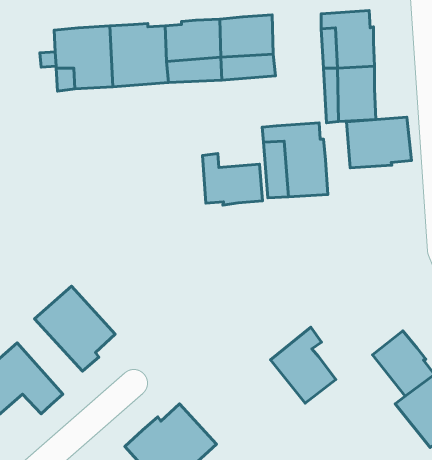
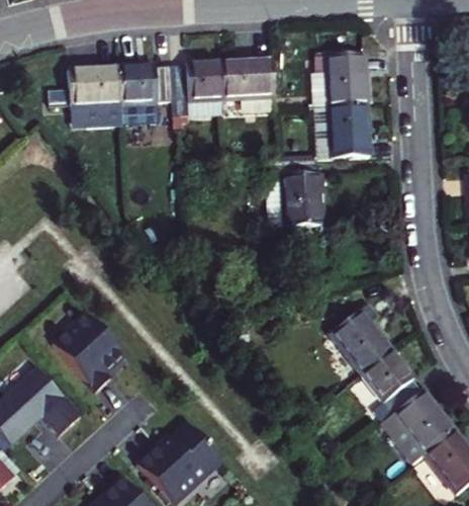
building: [346,117,412,168] -> none
building: [203,154,262,205] -> none
building: [270,327,336,403] -> [334,304,394,374]

